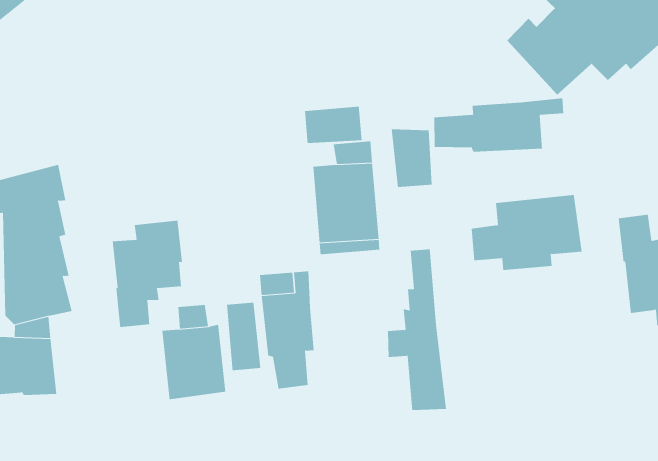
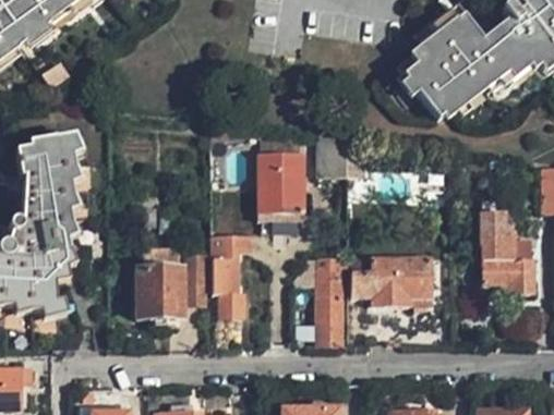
building: [434,98,564,152] -> none
building: [304,106,362,144] -> none
building: [471,195,582,270] -> [350,253,431,304]
building: [112,220,182,328] -> none

